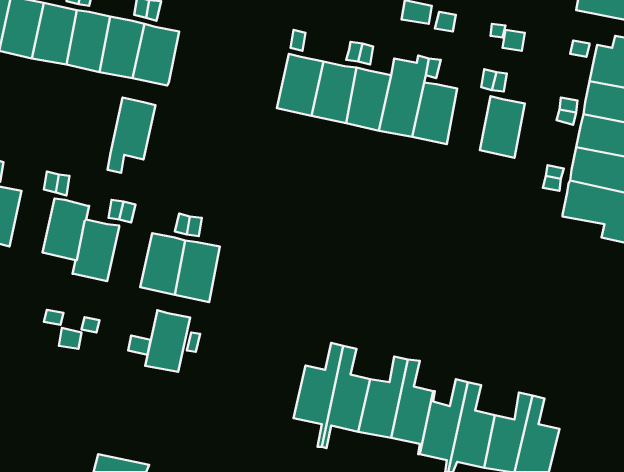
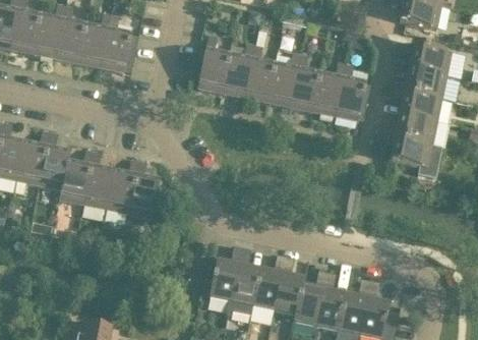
building: none -> [312,73,342,115]
building: [108,98,156,173] -> [14,143,47,193]
building: [145,310,190,372] -> [82,166,113,208]

